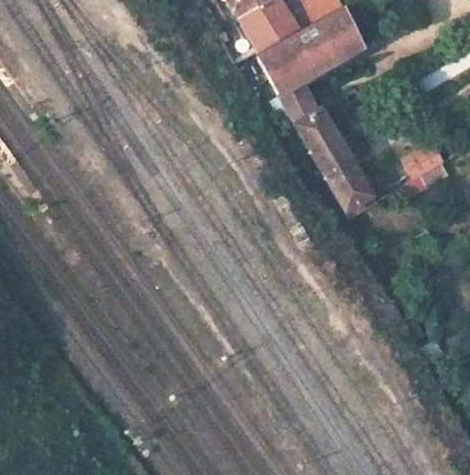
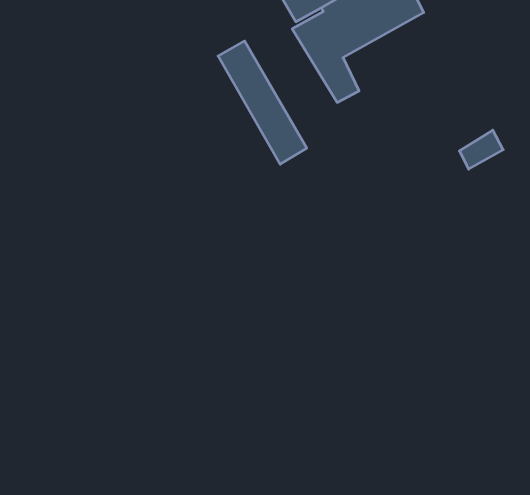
building: [296,108,373,215] -> [218,41,307,164]

